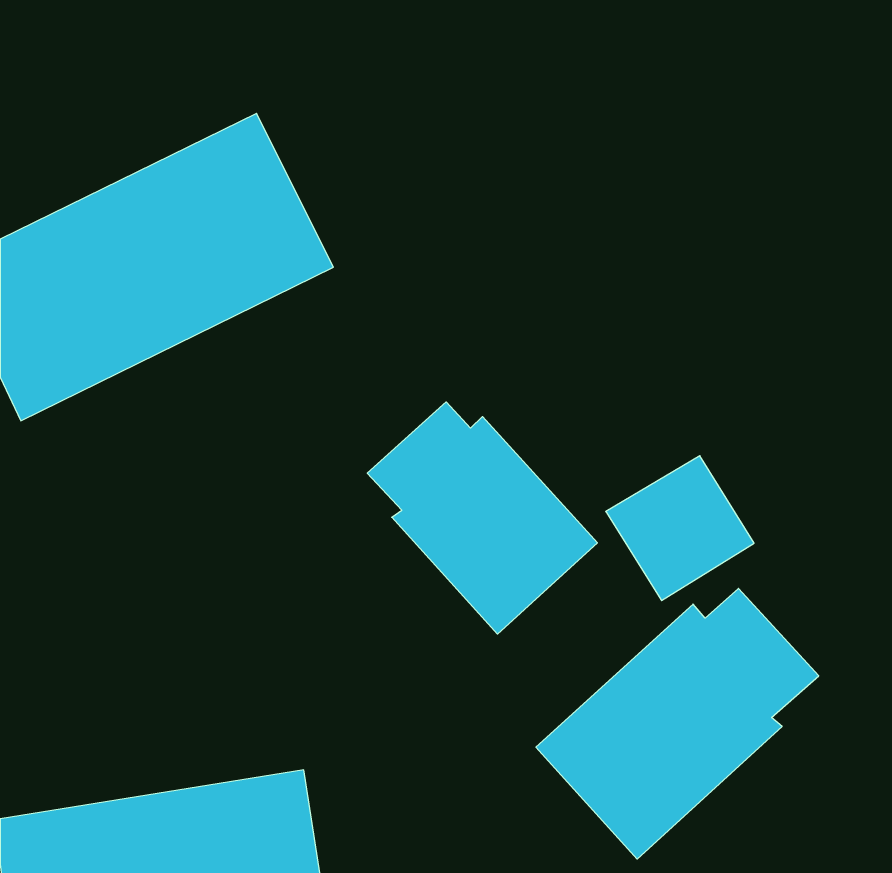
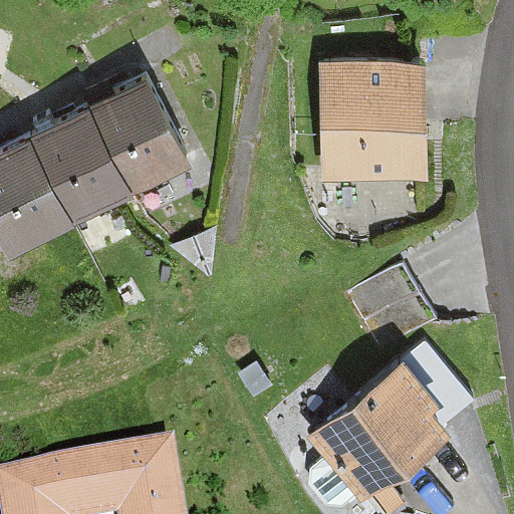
building: none -> [320,62,425,180]
building: [367,402,597,634] -> none

